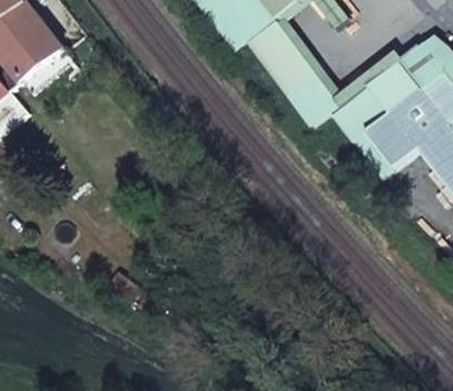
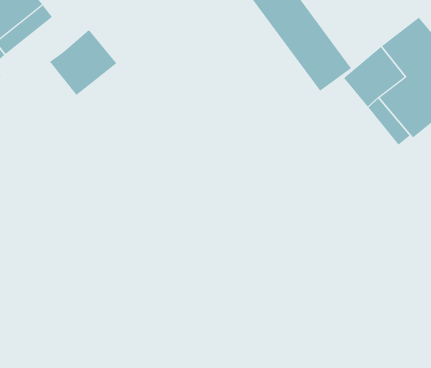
building: none -> [49,29,117,96]

